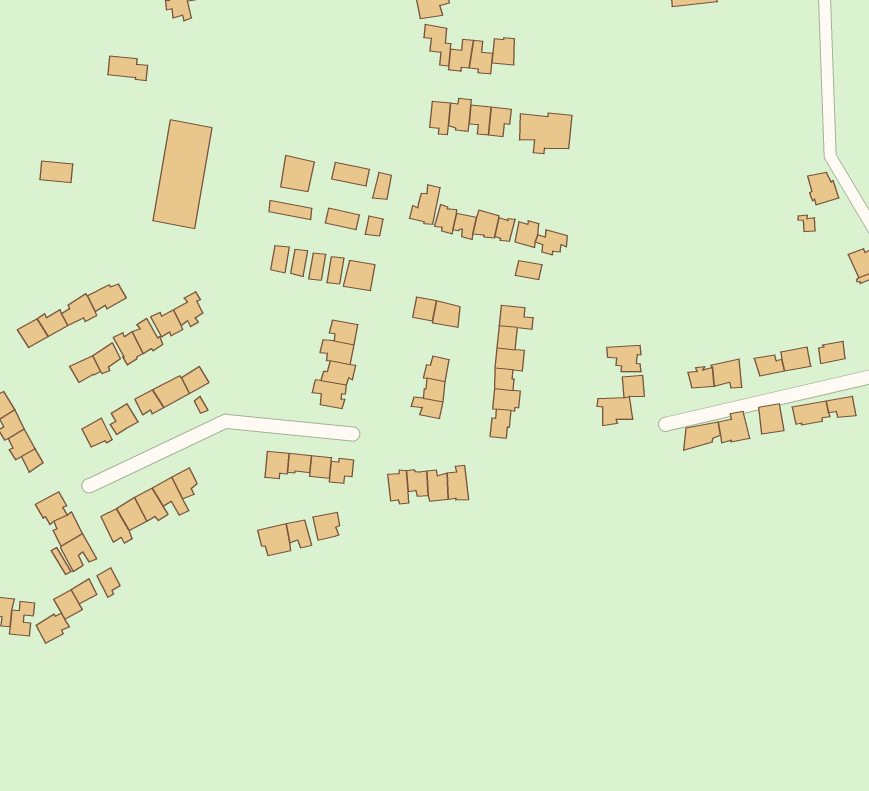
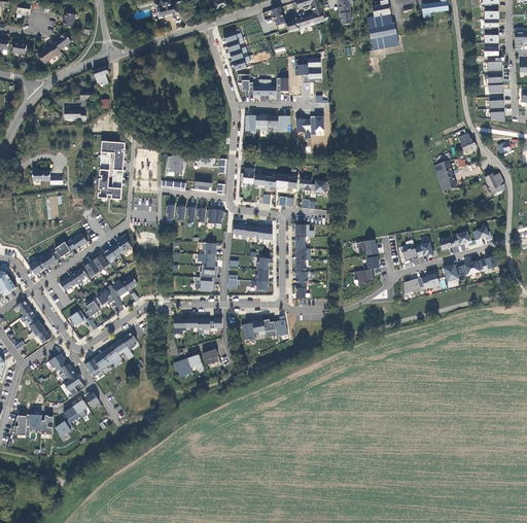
building: none -> [296,59,320,80]
building: none -> [433,161,456,191]

